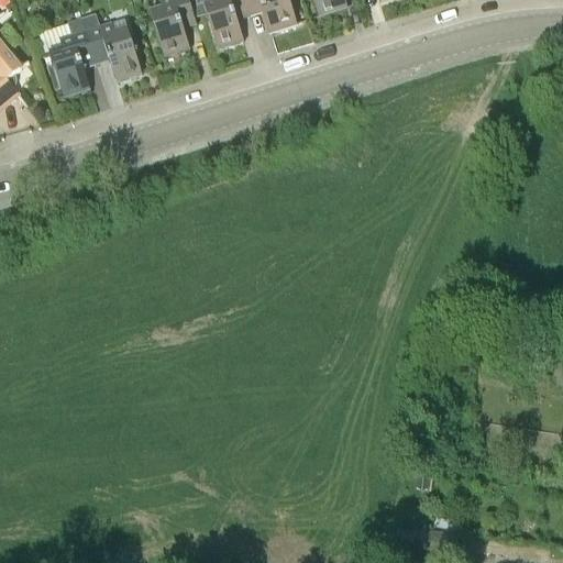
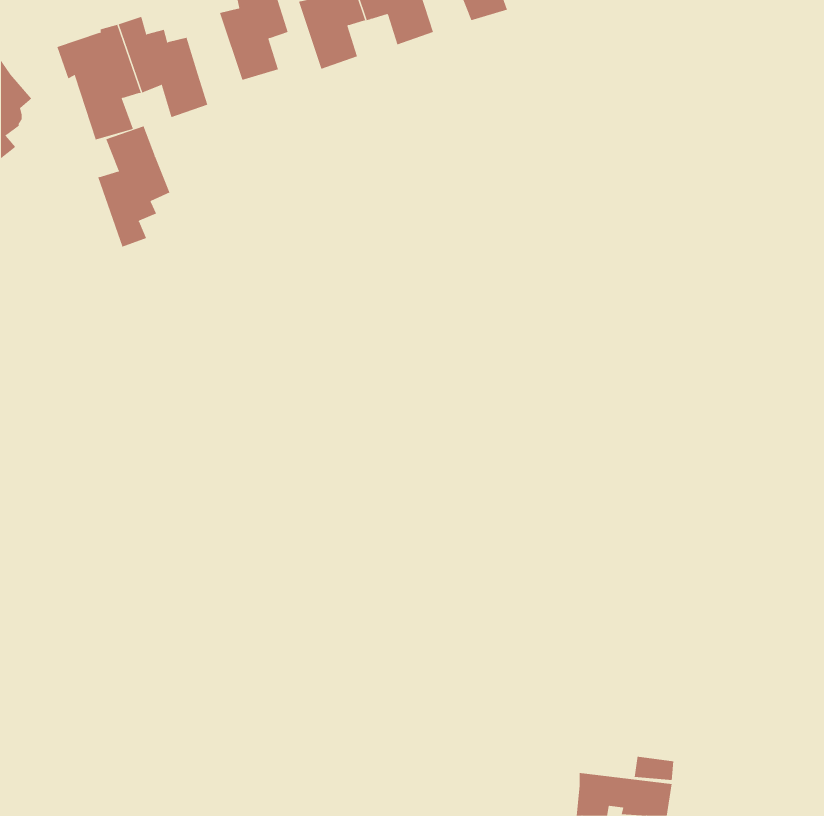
building: none -> [97,126,170,248]

